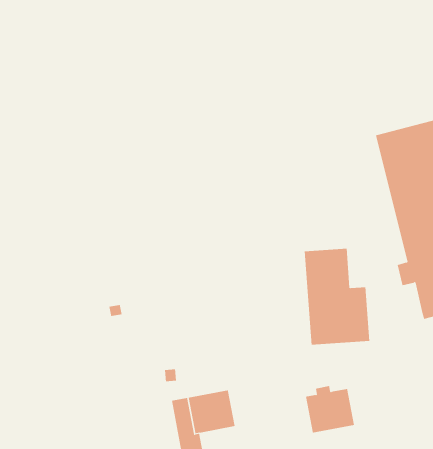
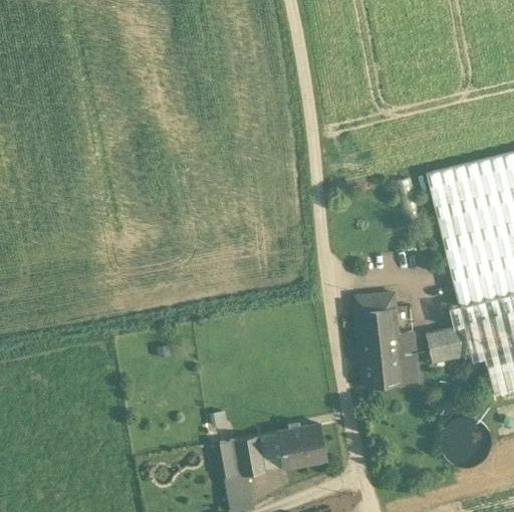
building: none -> [425,324,474,364]
building: [305,386,355,433] -> [278,422,328,470]

